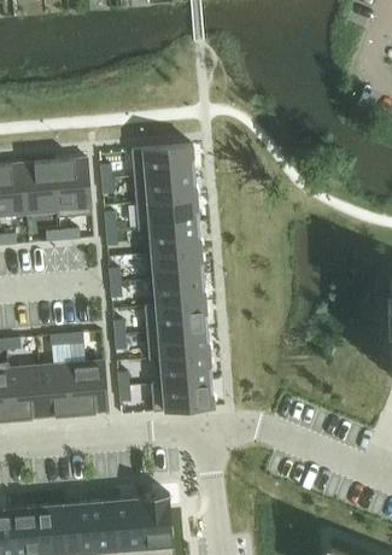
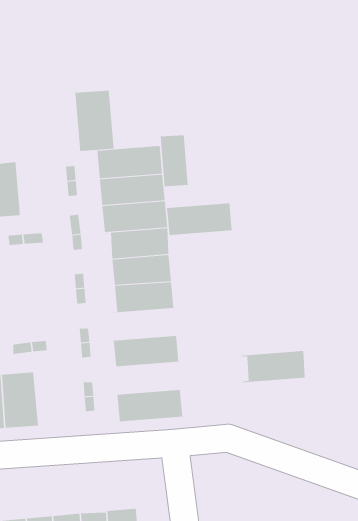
building: none -> [160,134,188,187]
building: [53,158,92,217] -> [74,90,115,151]
building: [144,302,207,333] -> [166,203,233,235]
building: [148,354,211,385] -> [240,350,306,383]
building: [70,361,107,415] -> none

